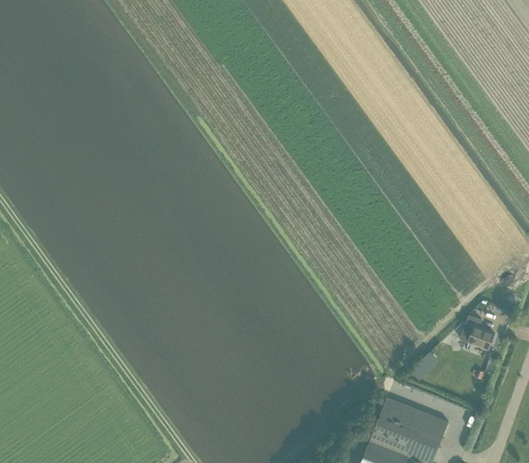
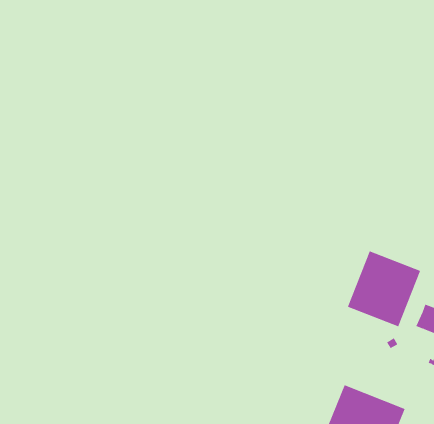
building: none -> [347,250,421,327]

